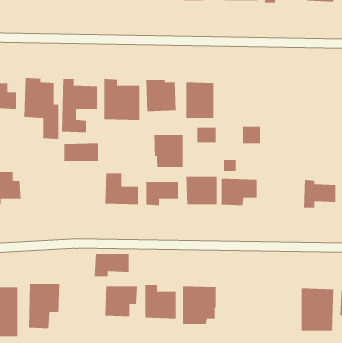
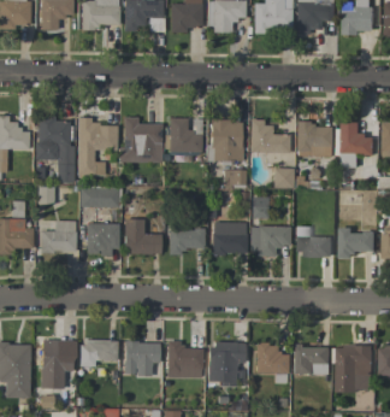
building: none -> [250,122,290,153]
building: none -> [296,122,335,157]
building: none -> [341,122,374,168]
building: [154,134,183,168] -> none
building: none -> [40,221,76,253]
building: none -> [87,223,117,256]
building: none -> [297,227,333,257]
building: [94,254,129,277] -> [79,341,118,366]
building: none -> [255,343,288,374]
building: none -> [292,346,331,375]

